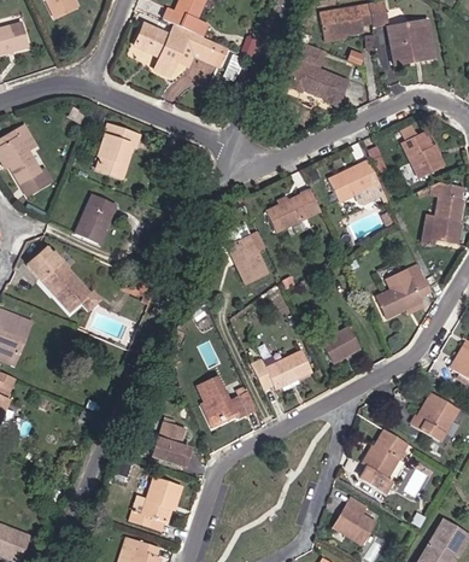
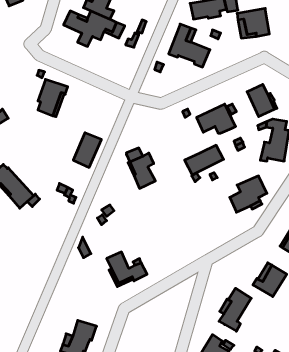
building: [264,189,321,233] -> [185,145,224,175]
building: [75,194,116,245] -> [73,133,101,167]
building: [319,326,360,364] -> none
building: [251,351,312,388] -> none
building: [151,421,186,463] -> none

